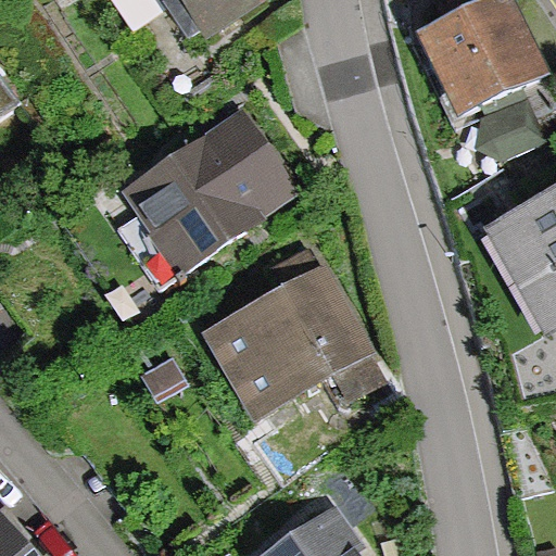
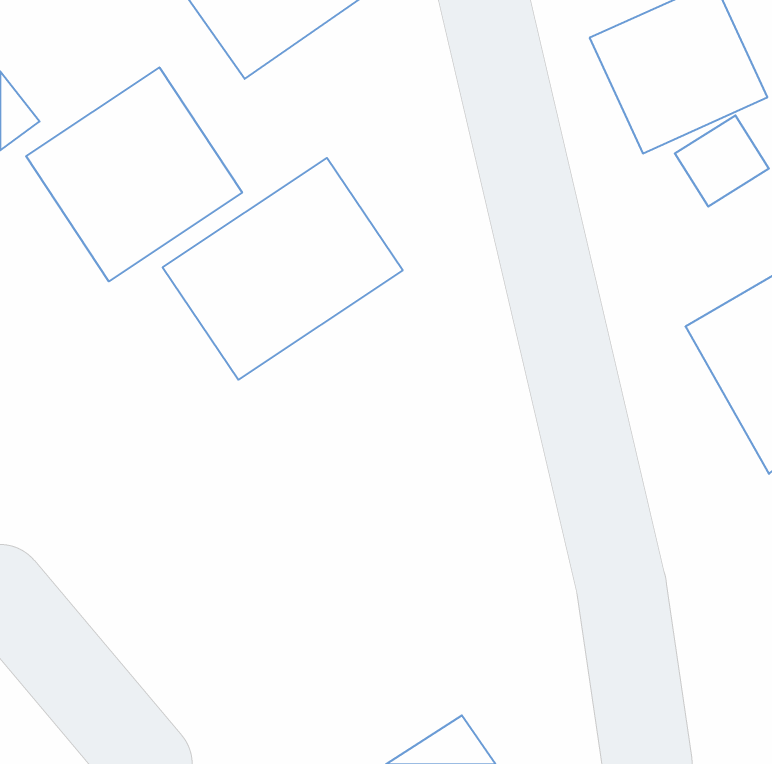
building: none -> [26,67,242,281]
building: [188,268,358,427] -> none

